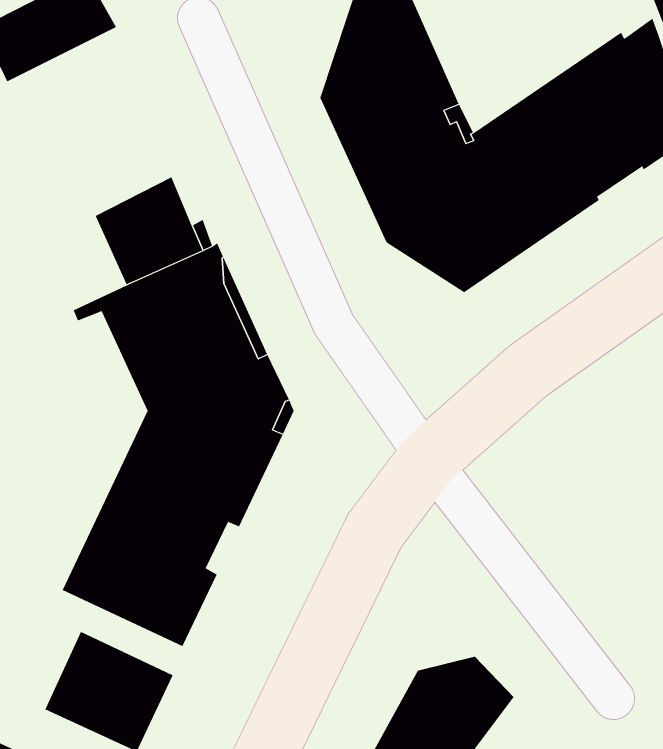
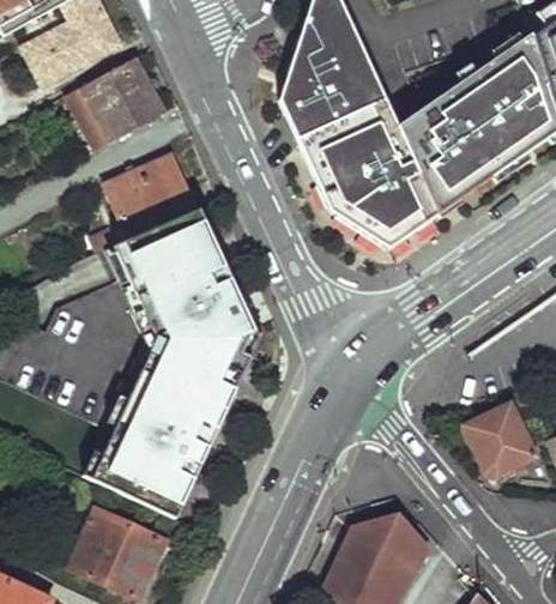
building: none -> [68,55,170,151]
building: none -> [465,403,533,470]

